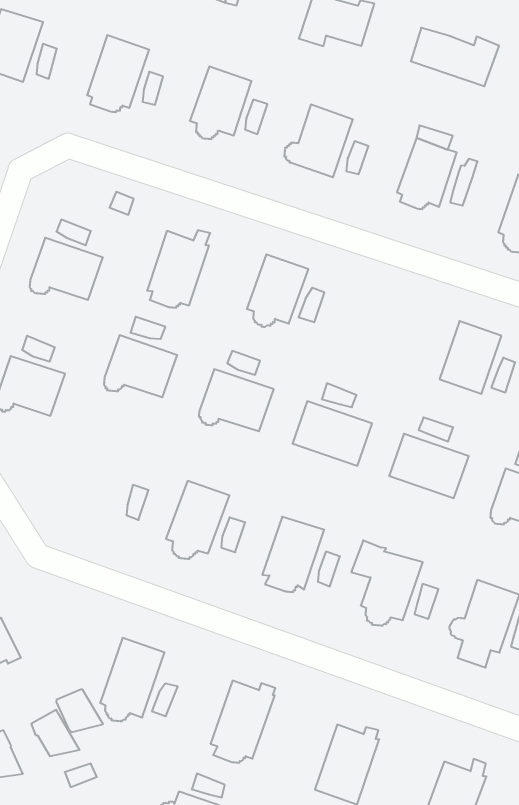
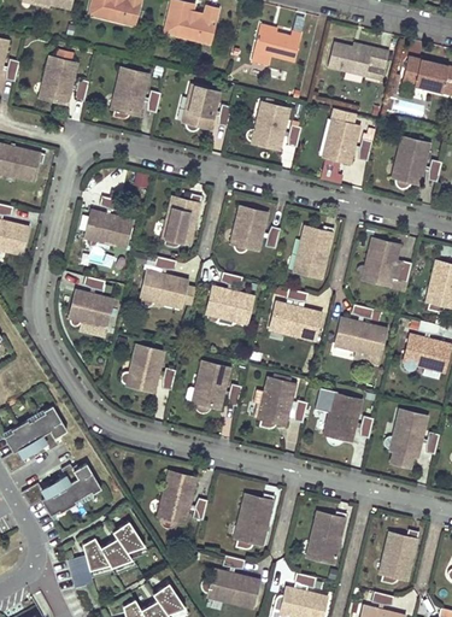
building: none -> [294,224,334,277]
building: none -> [121,343,164,392]
building: [56,689,103,732] -> [100,539,133,568]

